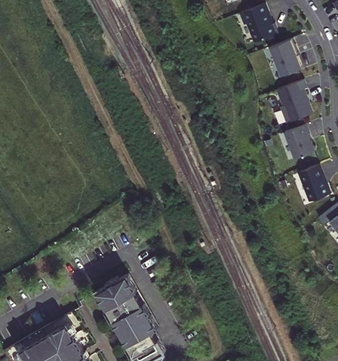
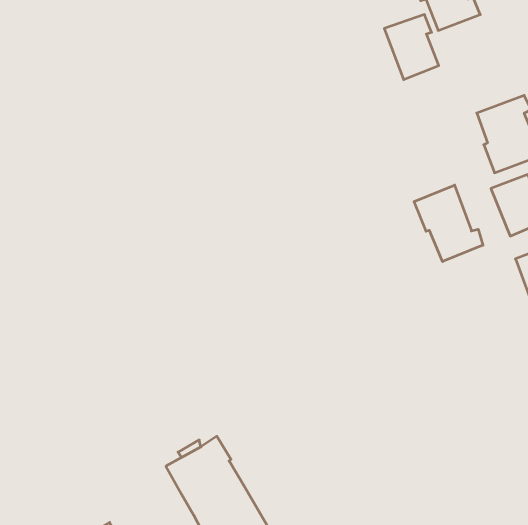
building: [270,39,301,76] -> [384,15,439,80]
building: none -> [414,185,483,262]

